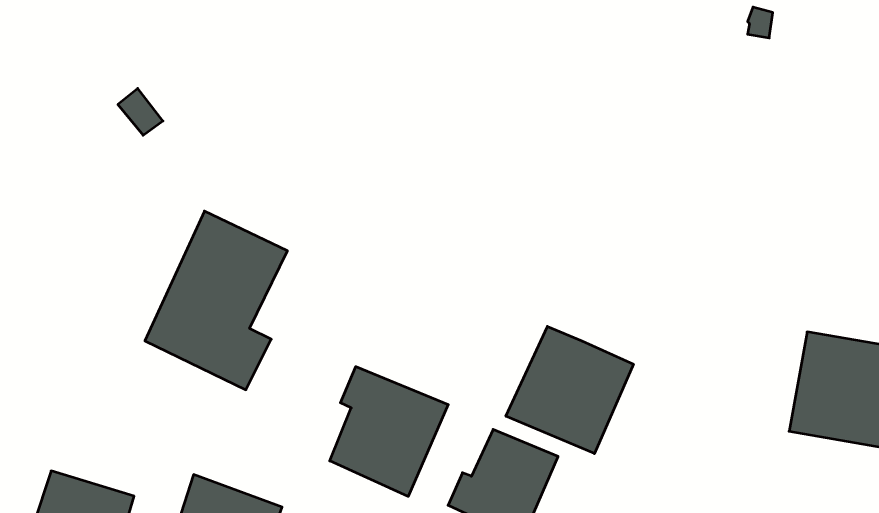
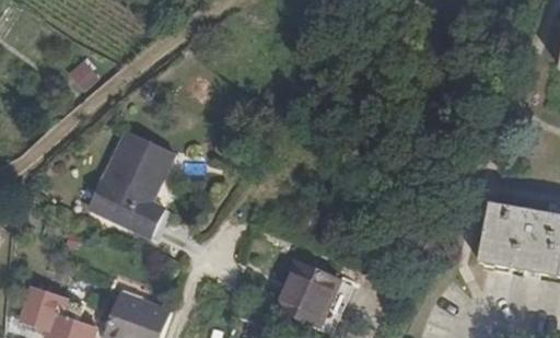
building: [506,326,633,454] -> none
building: [330,367,448,496] -> none

